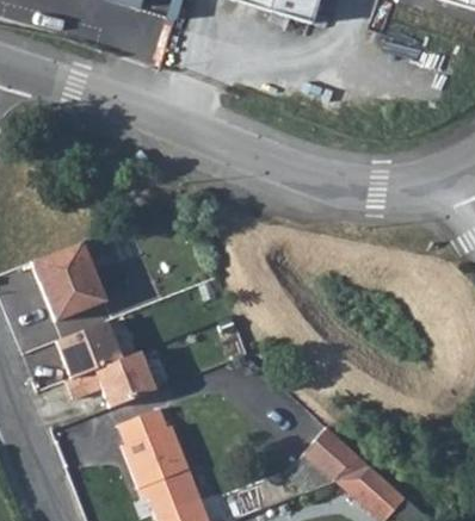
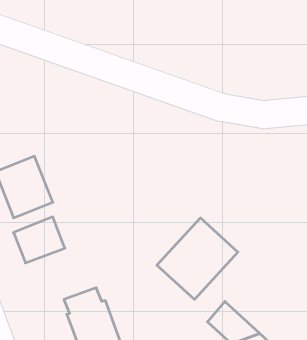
building: none -> [157,218,238,299]
building: [67,353,156,410] -> none

